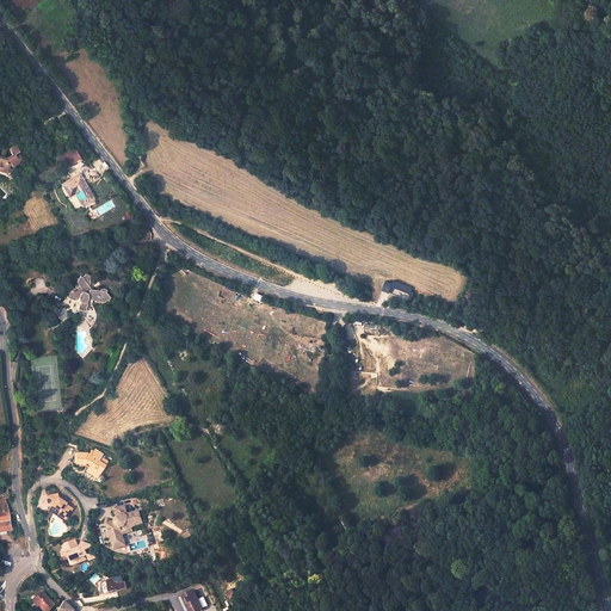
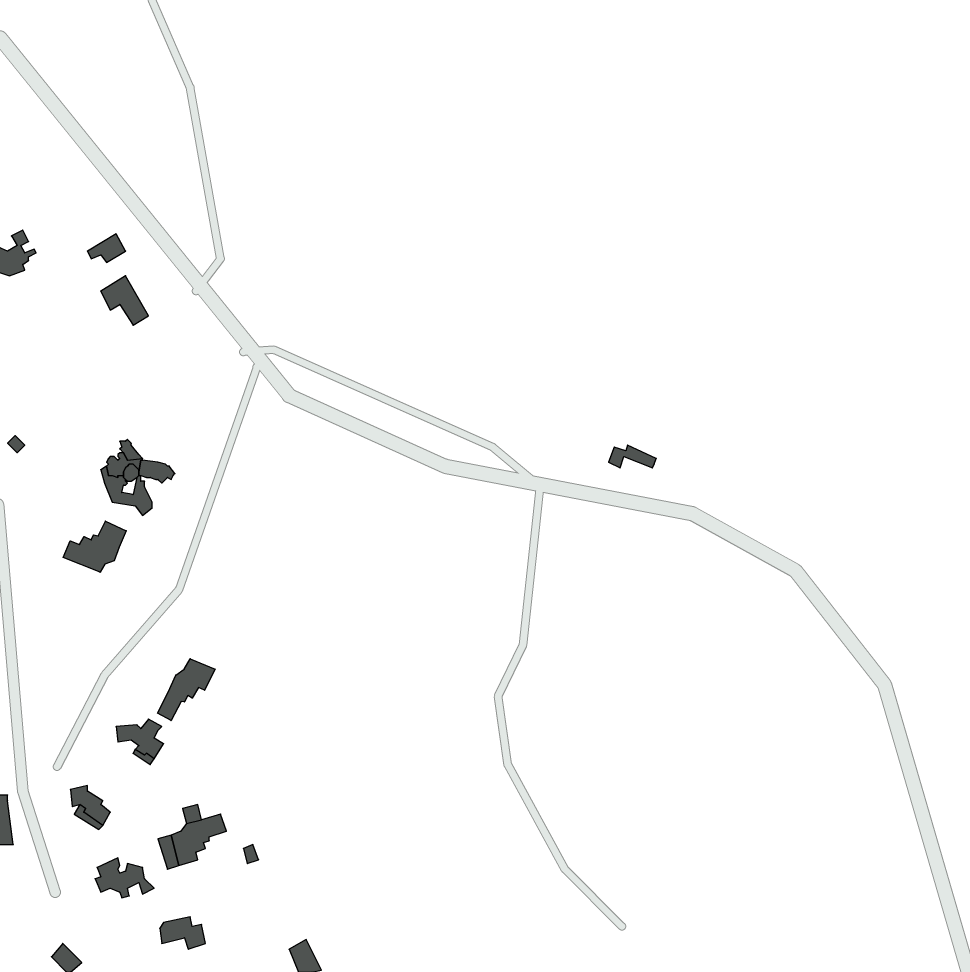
building: none -> [63,521,126,572]
building: none -> [158,659,215,721]

